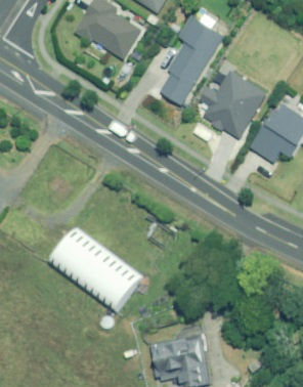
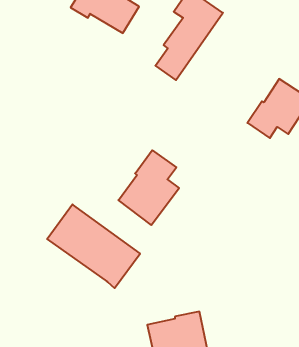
building: [190,71,266,138] -> none
building: none -> [118,150,179,225]

